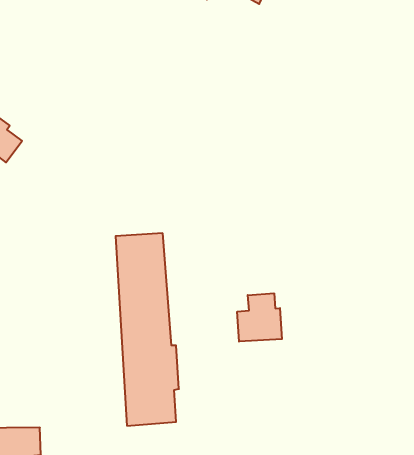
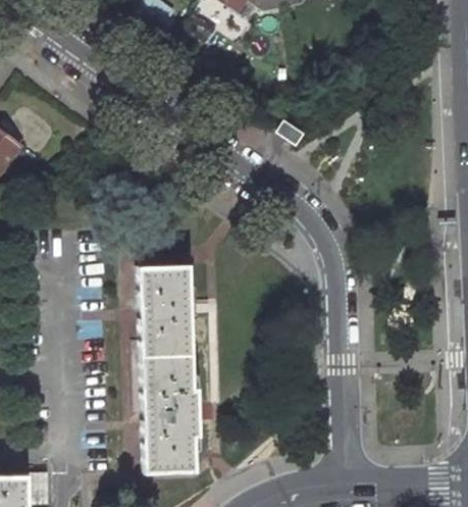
building: [237,293,282,342] -> none

